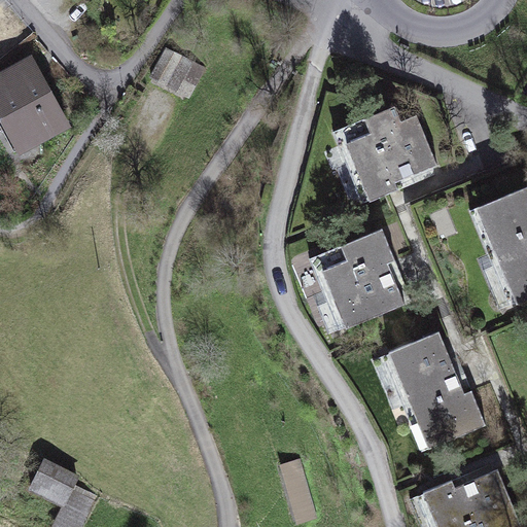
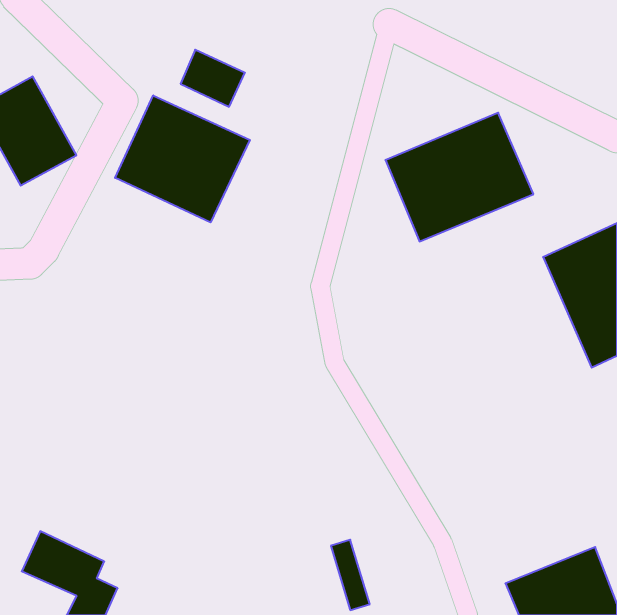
building: none -> [115,95,250,222]
building: [307,230,413,331] -> none
building: [384,330,485,451] -> none

